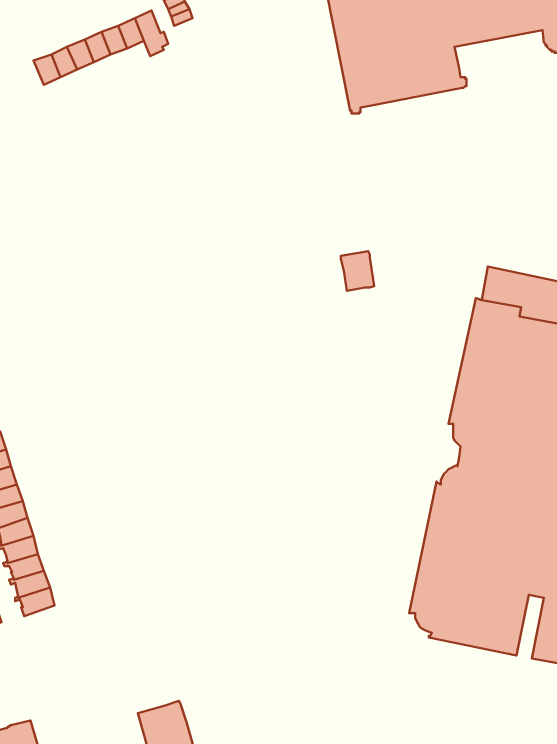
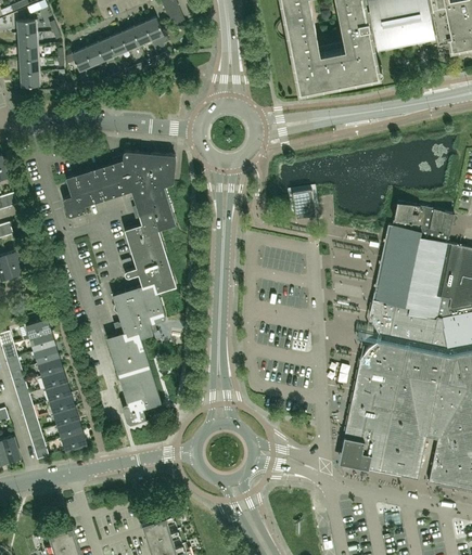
building: none -> [63,149,176,423]

